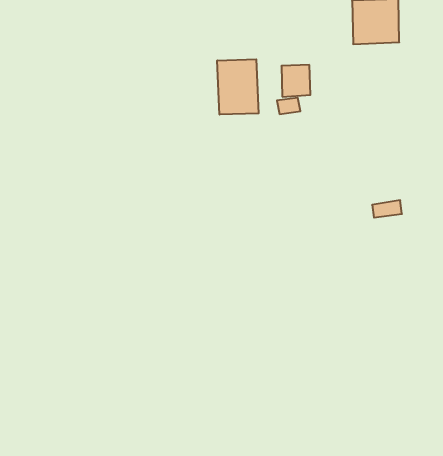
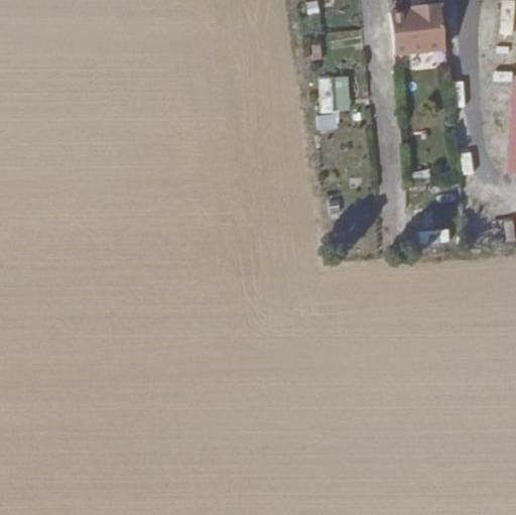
building: [217,59,259,115] -> none

